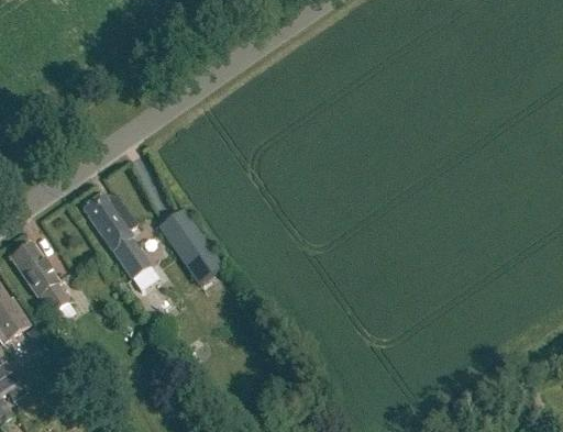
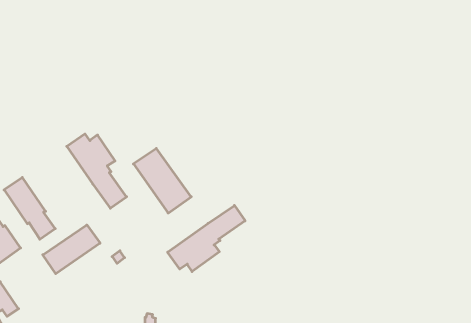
building: none -> [168,205,245,272]
building: none -> [43,225,100,274]

